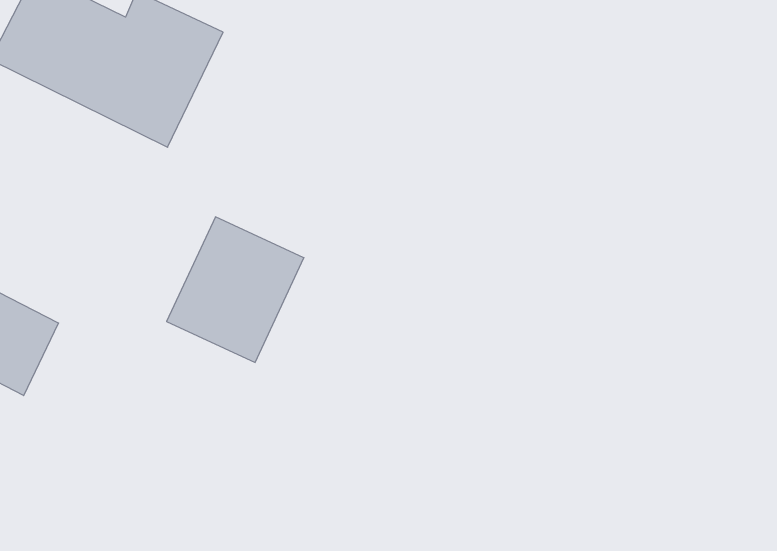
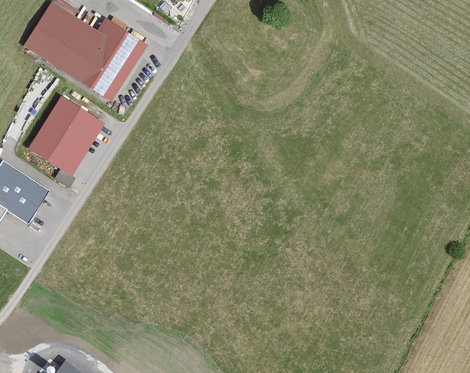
building: [167,217,304,362] -> [31,97,106,175]

